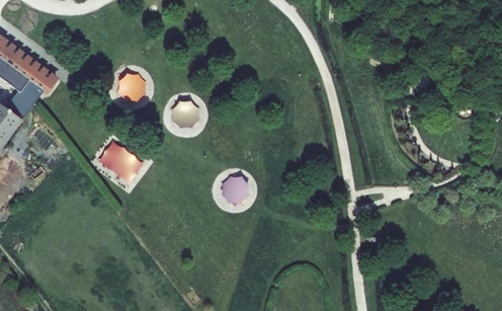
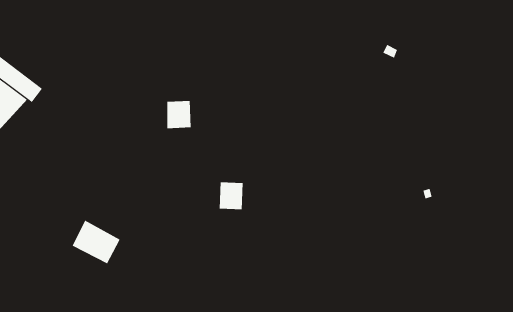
building: [117,72,143,97] -> none
building: [98,138,144,179] -> [72,220,121,264]

